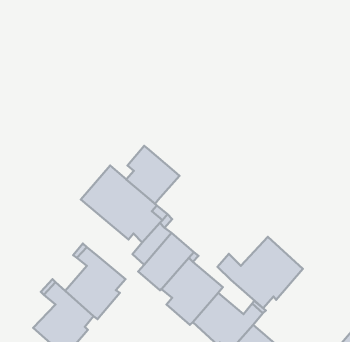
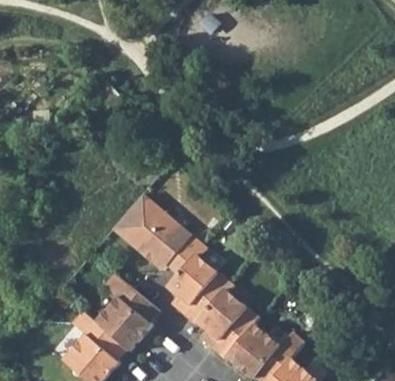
building: [126,146,180,204] -> none
building: [217,237,303,308] -> none

